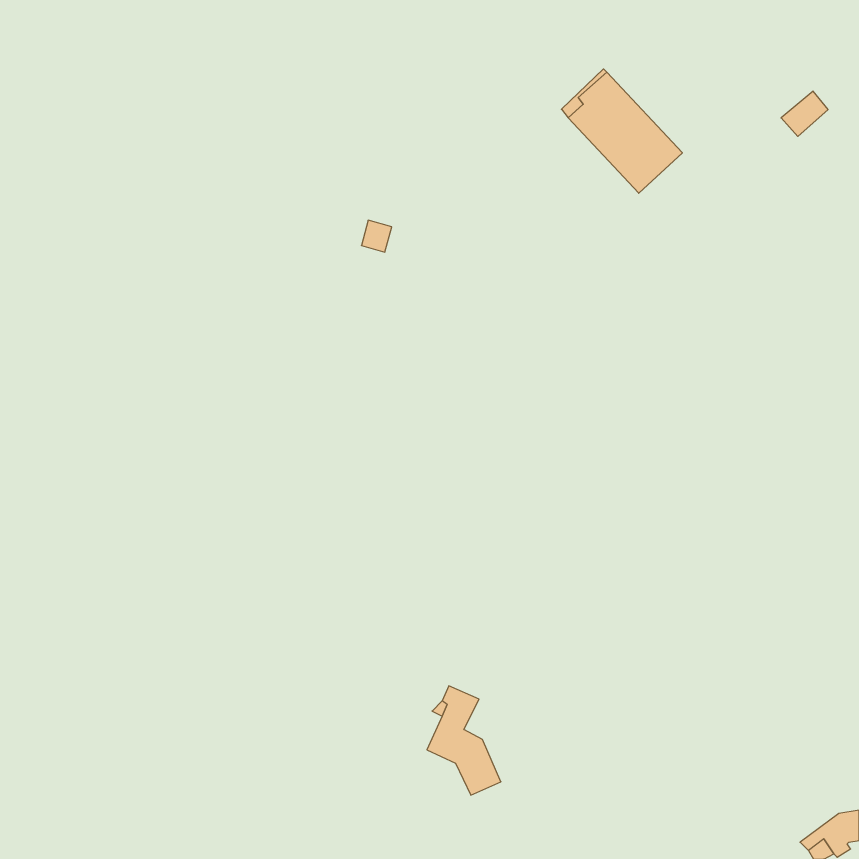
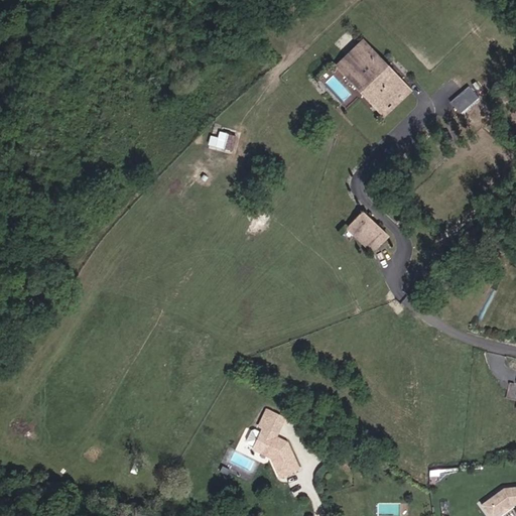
building: [781,91,828,136] -> [453,85,481,112]
building: none -> [347,213,386,251]

